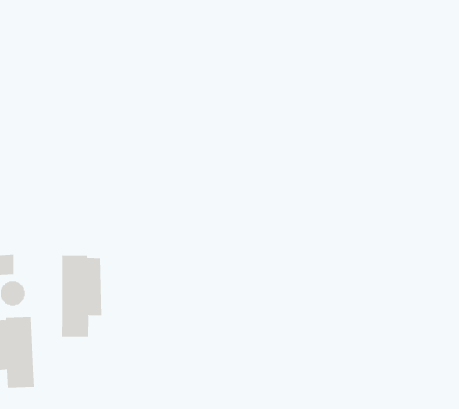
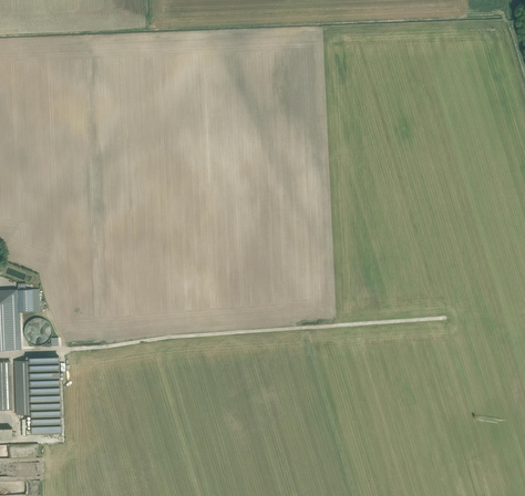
building: [62,255,102,337] -> none

